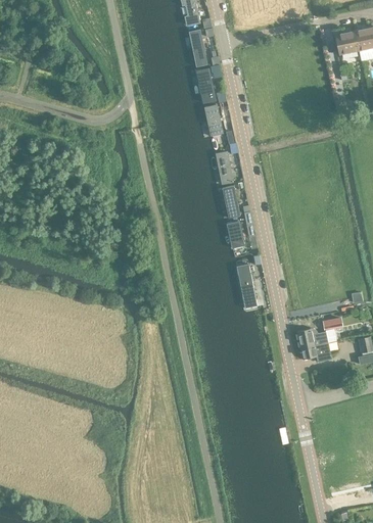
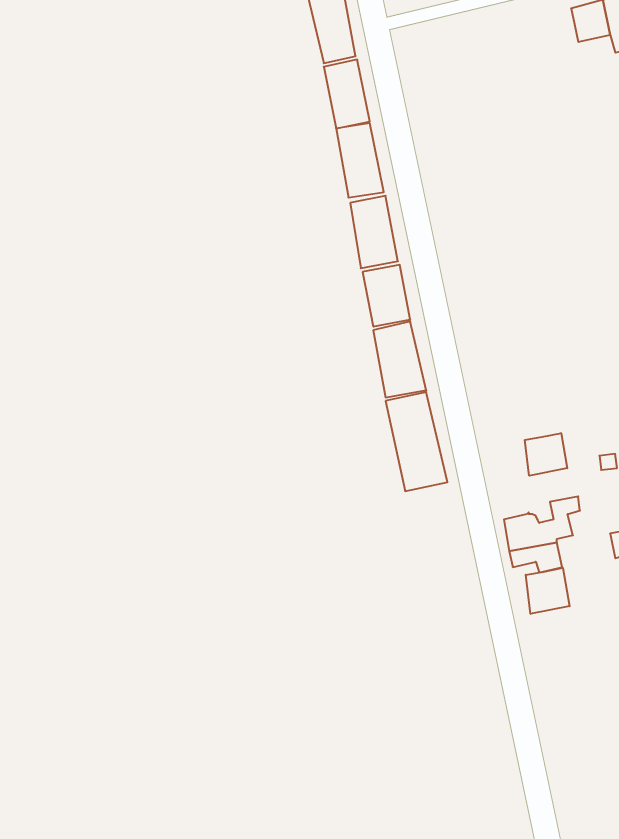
building: none -> [525,433,567,476]
building: none -> [526,568,570,614]

